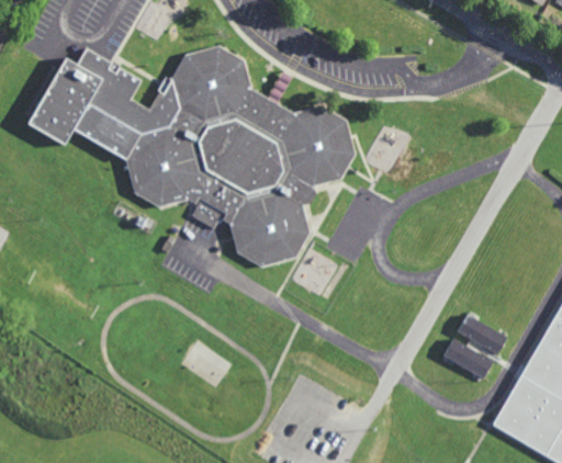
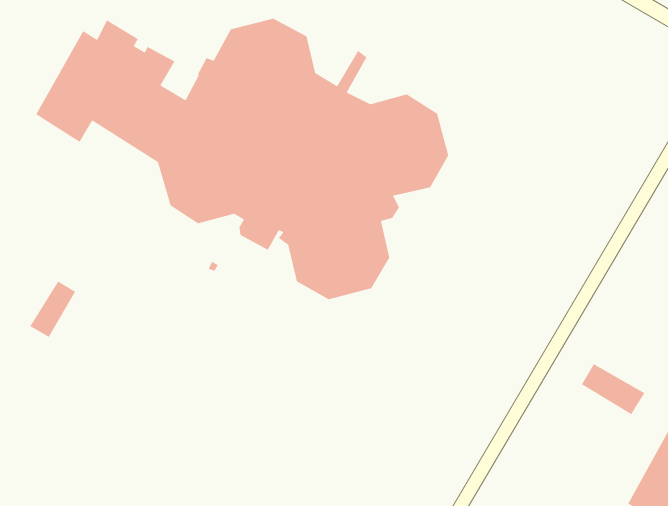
building: none -> [29,281,76,338]
building: [442,340,493,381] -> none

